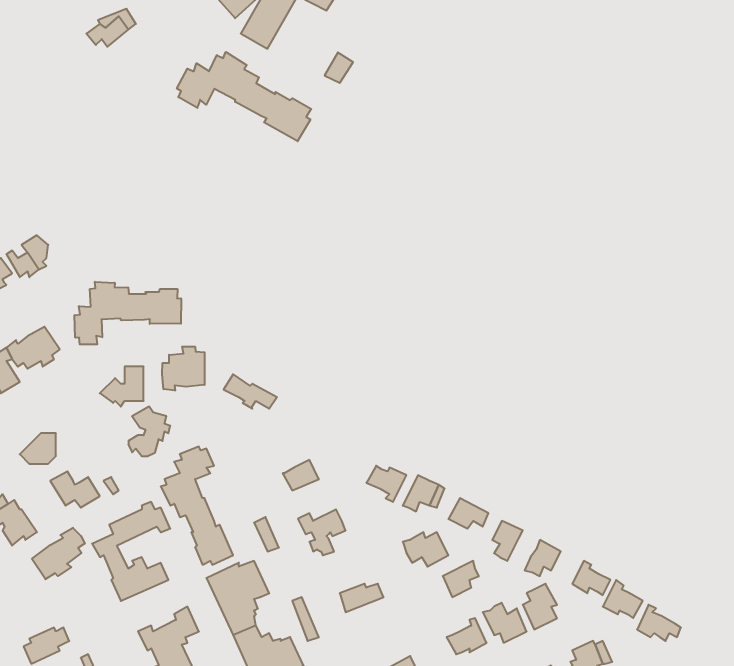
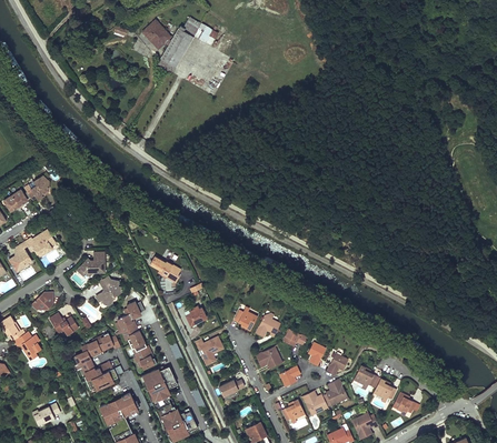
building: [177,52,311,141] -> none
building: [75,282,181,344] -> none
building: [162,347,205,391] -> none
building: [32,528,85,579] -> none

